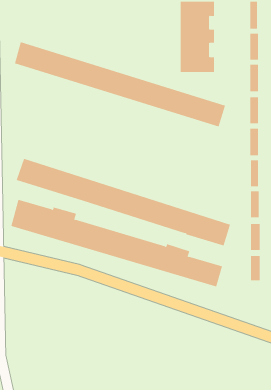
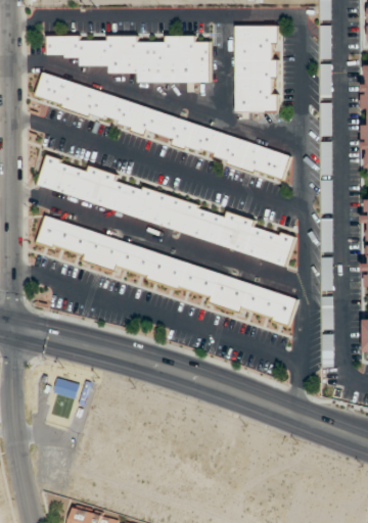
building: none -> [47,35,211,83]
building: [10,199,223,287] -> [37,156,295,264]

